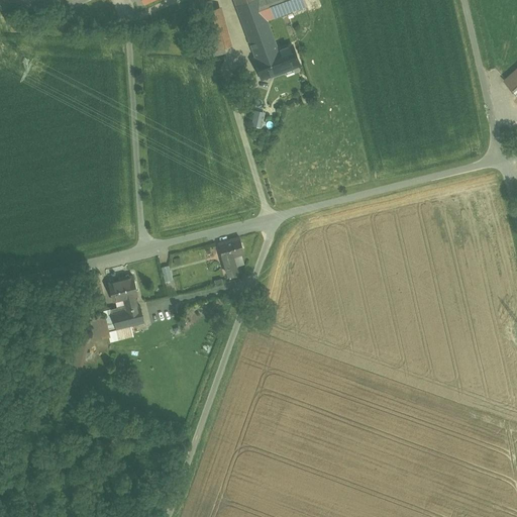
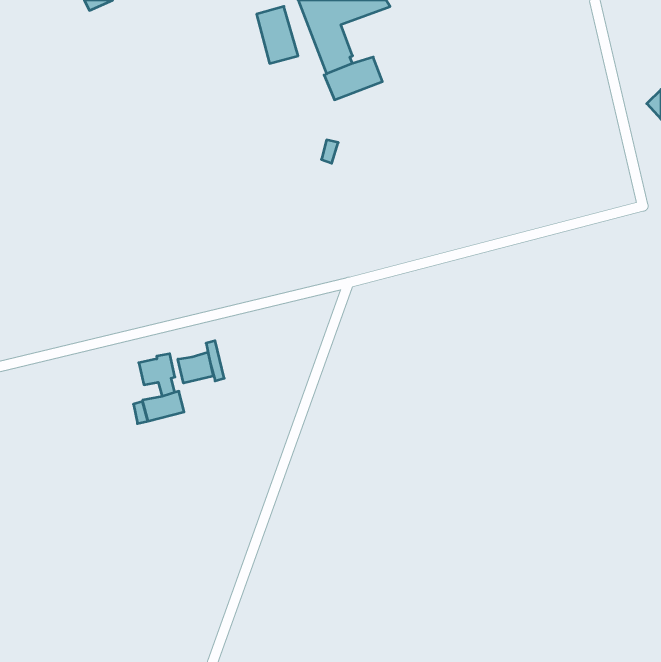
building: [218,237,243,276] -> none
building: none -> [178,352,213,383]

